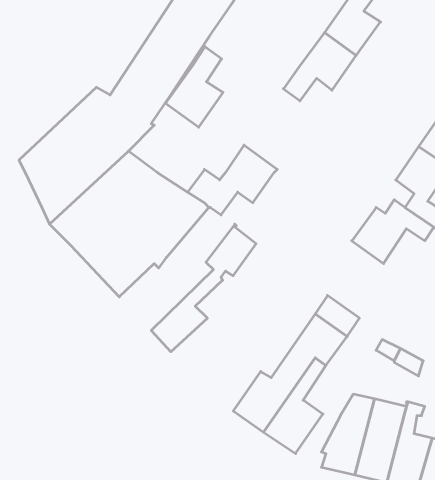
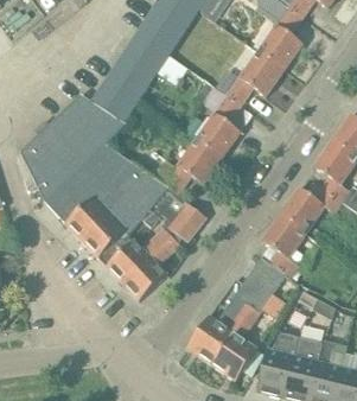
building: [165,47,223,127] -> [196,95,241,158]
building: none -> [98,187,189,284]
building: none -> [262,215,305,276]

